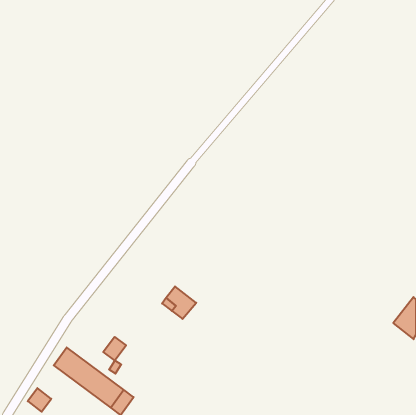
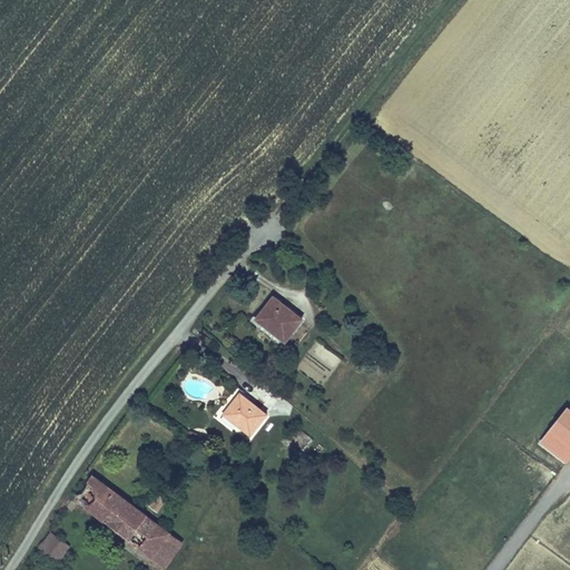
building: none -> [255,296,303,343]
building: [103,337,126,360] -> none

